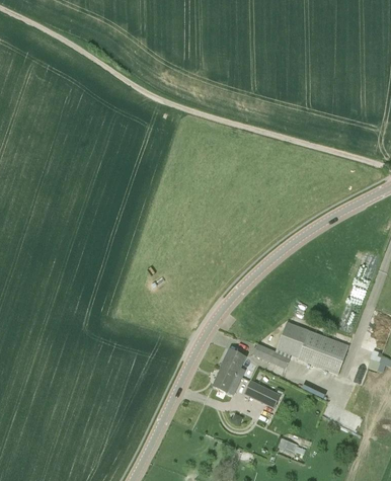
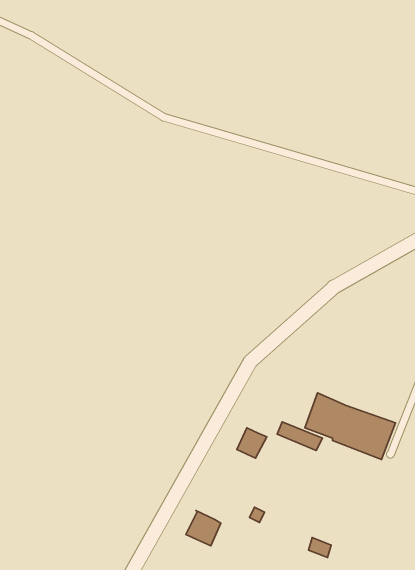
building: [213,366,241,394] -> [186,511,221,546]
building: [244,380,280,407] -> none

